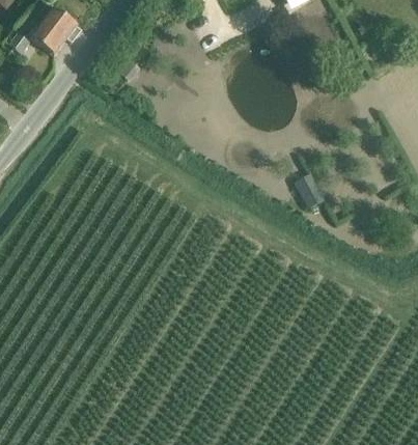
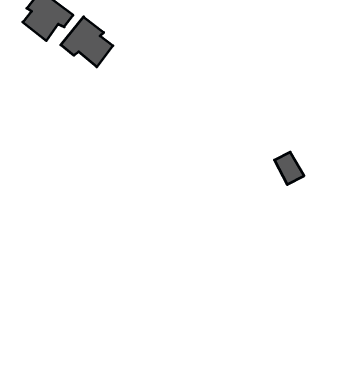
building: none -> [61,17,113,67]

